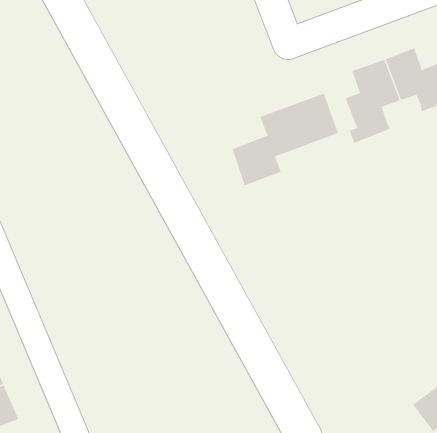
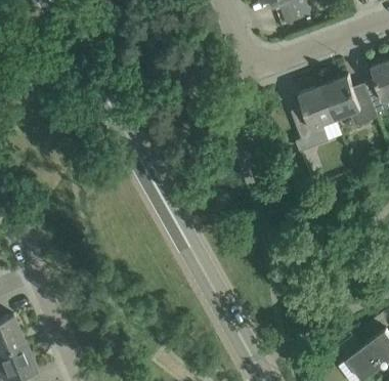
building: [232,93,338,186] -> none

